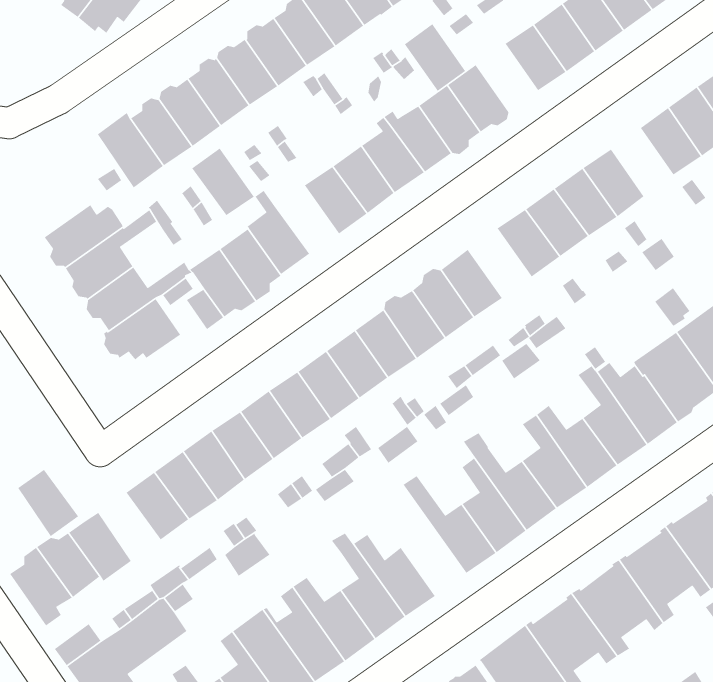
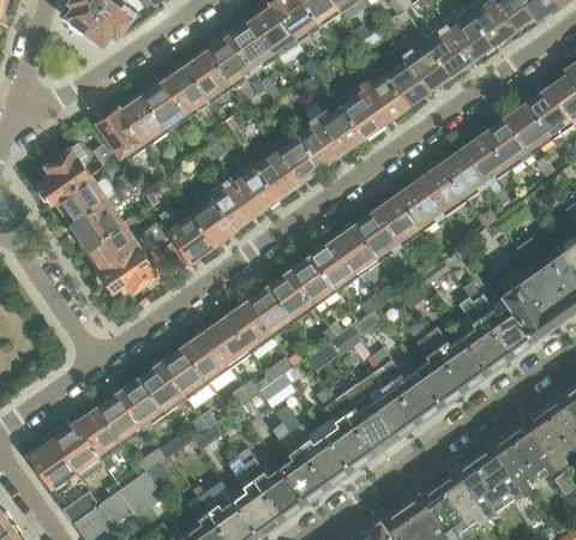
building: [404,23,466,92] -> [382,54,428,106]
building: none -> [484,118,530,169]
building: [191,148,255,216] -> [230,161,278,212]
building: none -> [40,148,91,203]
building: none -> [376,193,424,246]
building: [17,469,79,537] -> [97,392,144,444]
building: none -> [317,386,374,470]

